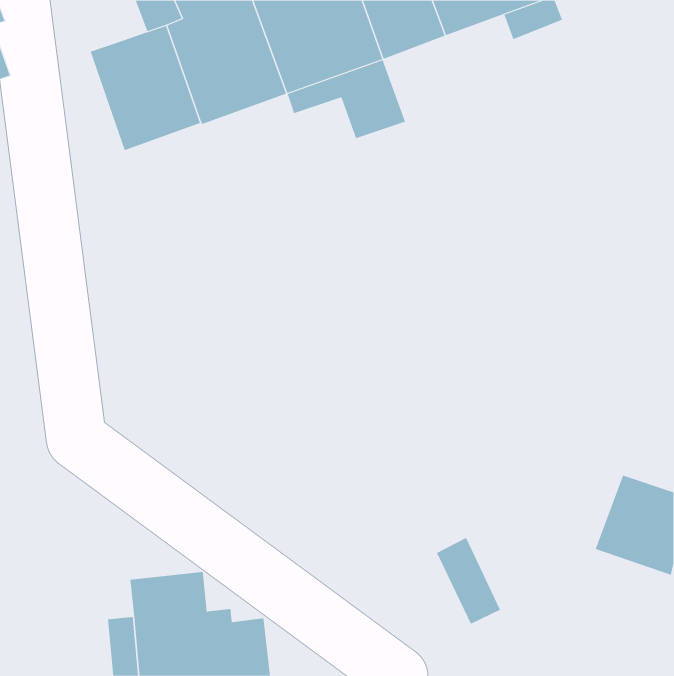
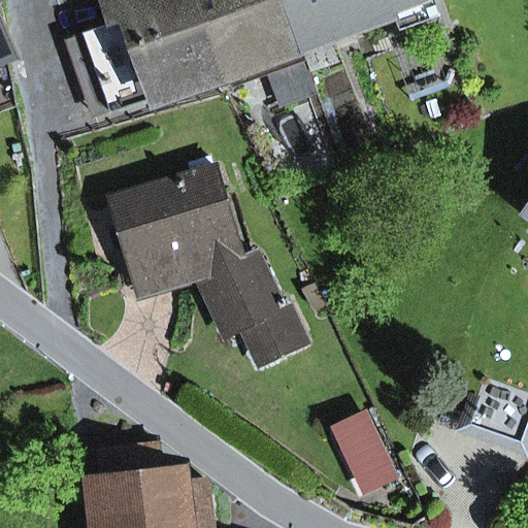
building: none -> [111,168,303,362]

